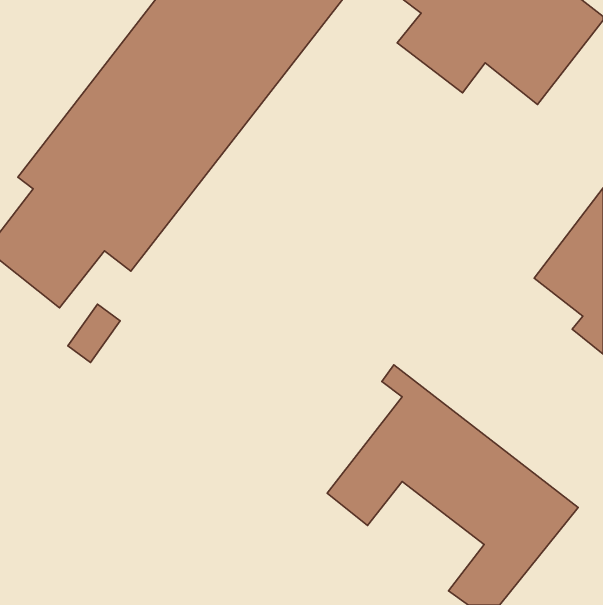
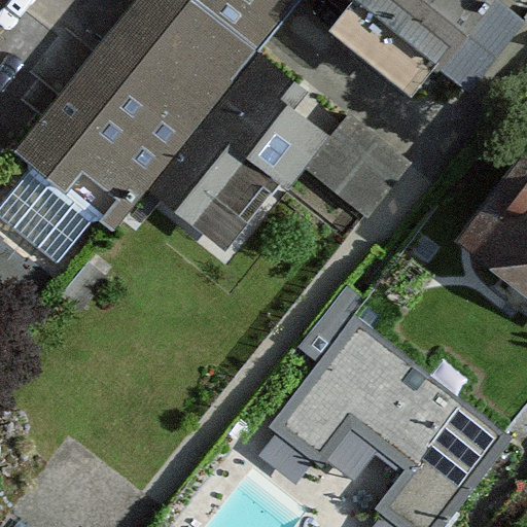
building: none -> [149,56,327,245]
building: none -> [308,118,408,217]

